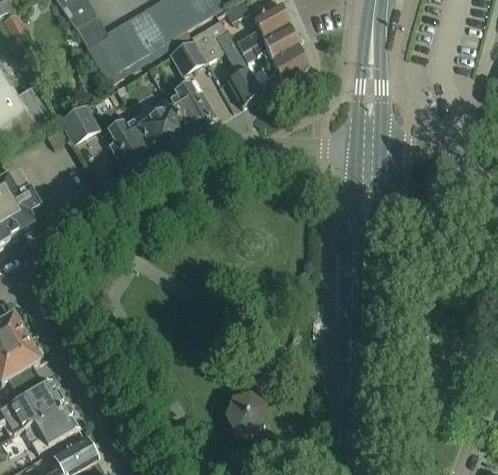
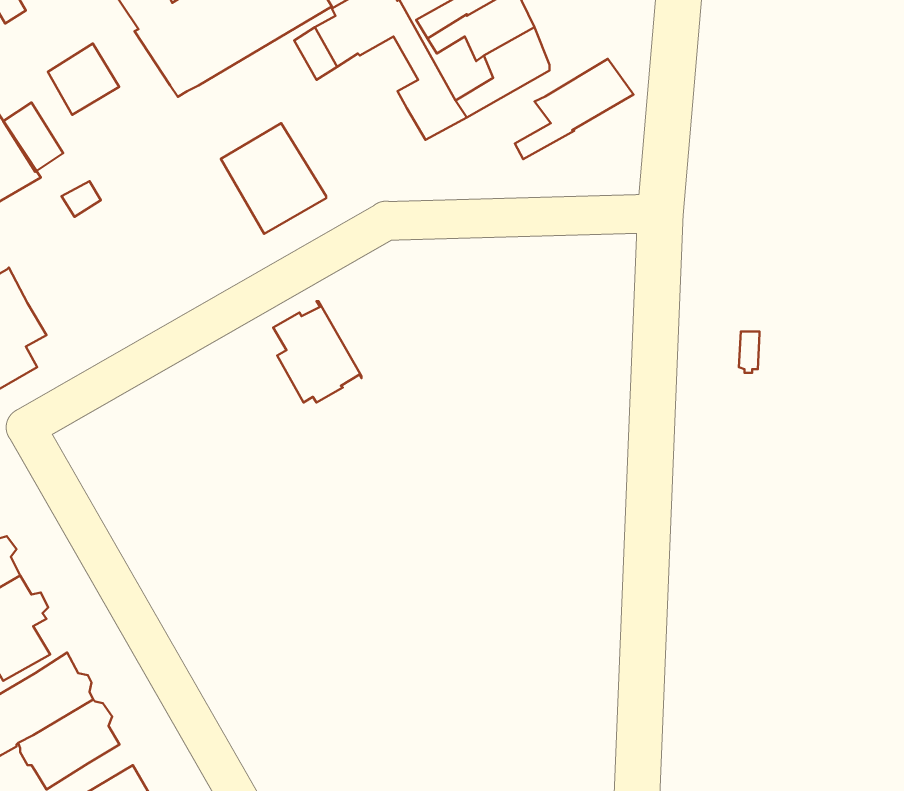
building: none -> [515,59,634,159]
building: [164,81,215,134] -> none
building: [61,104,99,142] -> [48,44,119,115]
building: [108,114,155,168] -> [273,301,362,403]
building: [225,392,265,434] -> none

